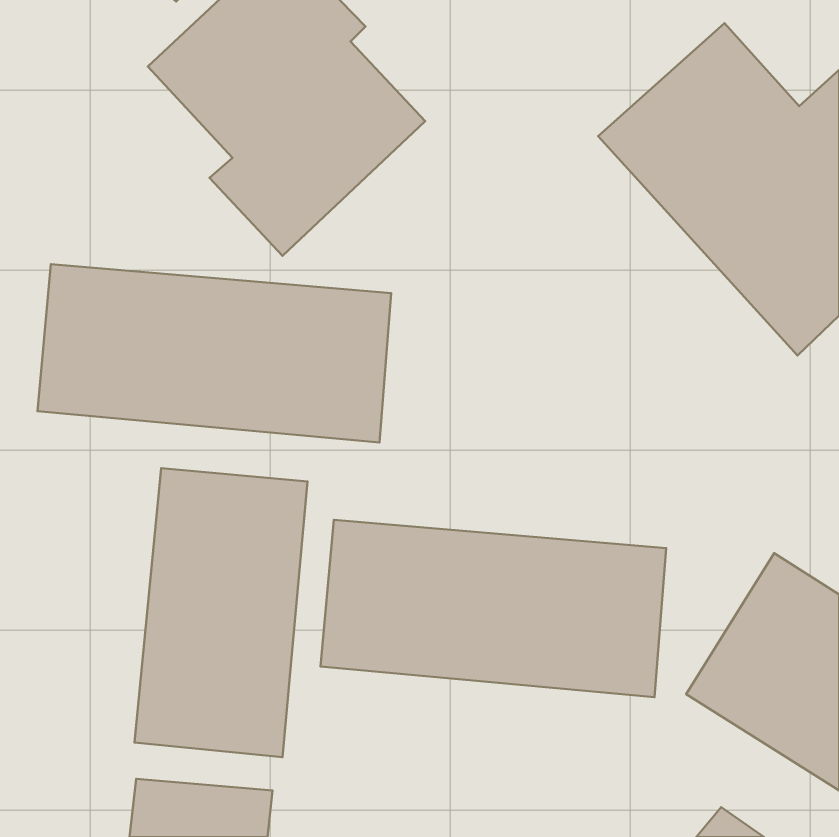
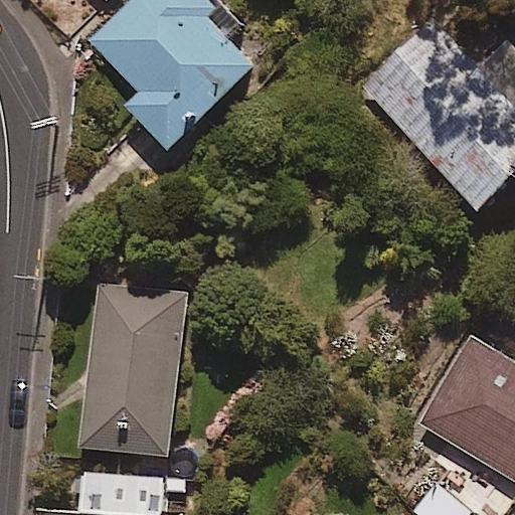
building: [38,264,391,442] -> none
building: [321,520,666,697] -> none

